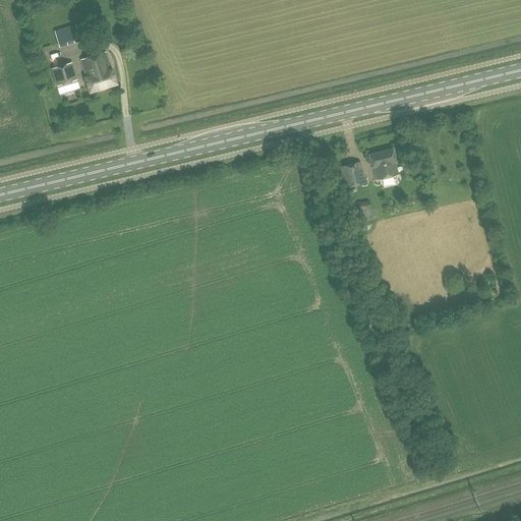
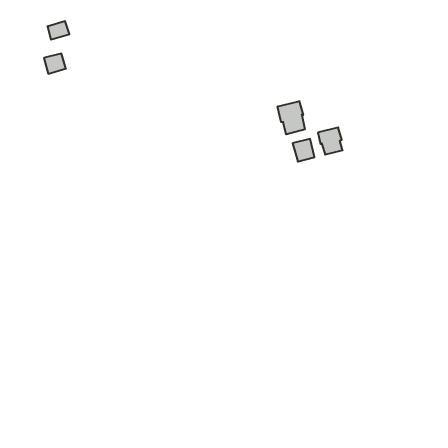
building: [79,51,117,92] -> none
building: none -> [278,101,305,134]

